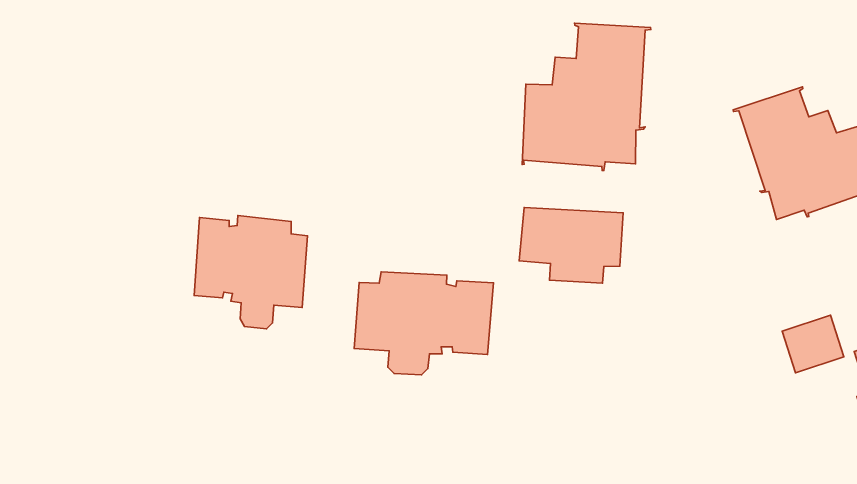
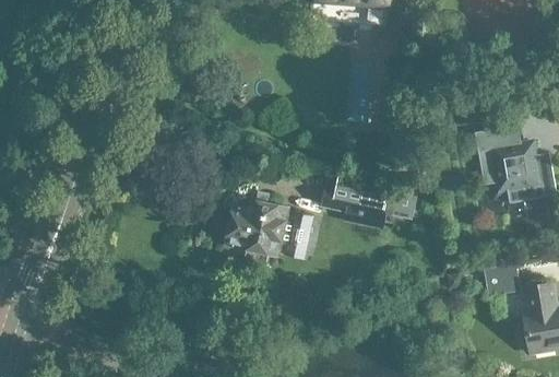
building: [522,23,651,171] -> none
building: [194,216,307,329] -> none

